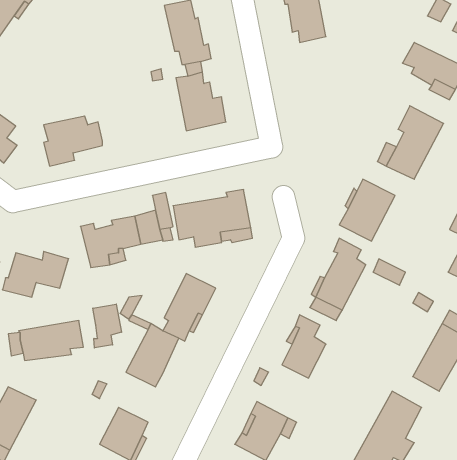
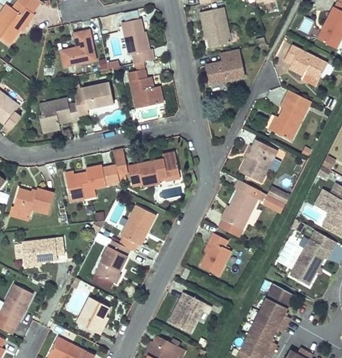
building: none -> [60,28,96,65]
building: none -> [207,48,245,83]
building: none -> [72,80,114,114]
building: [93,304,122,348] -> none

